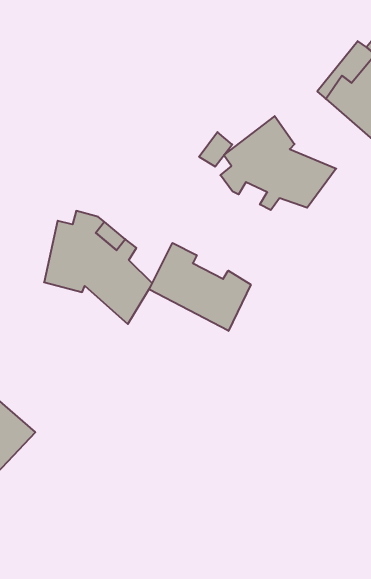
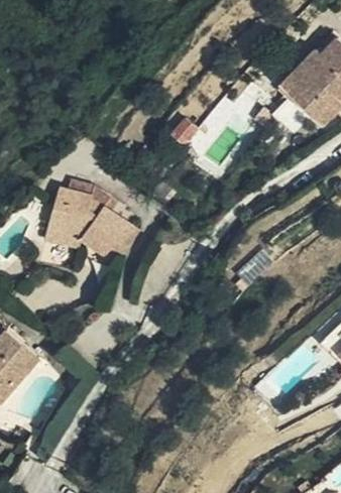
building: [220,116,336,210] -> none
building: [149,243,251,331] -> none

